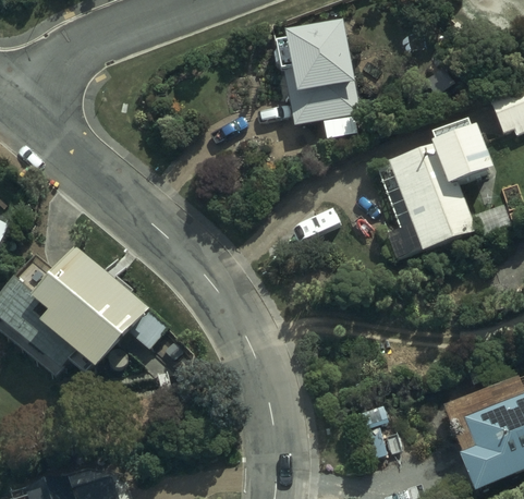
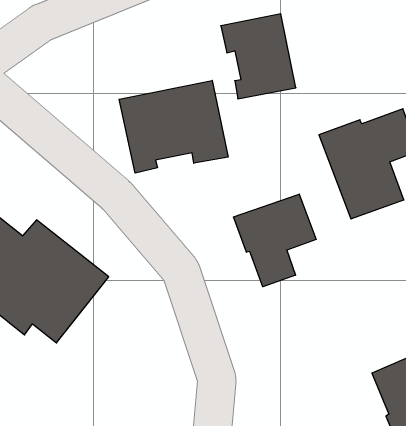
building: none -> [119,80,228,173]
building: none -> [234,194,316,287]

